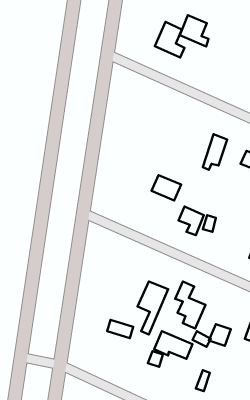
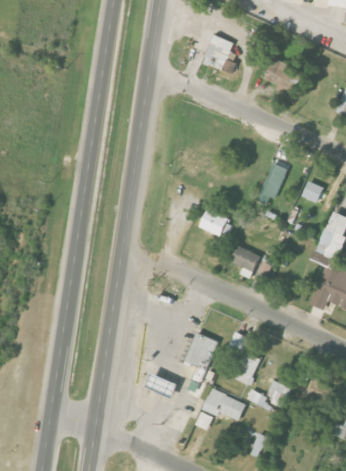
building: [180,15,209,47] -> [264,58,297,94]

